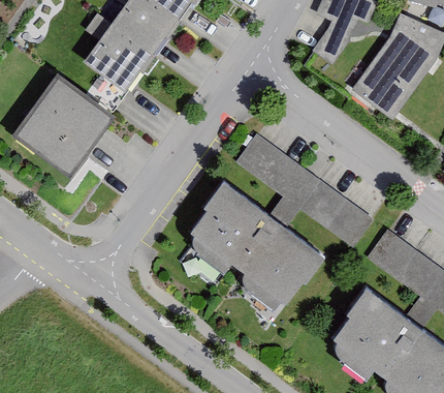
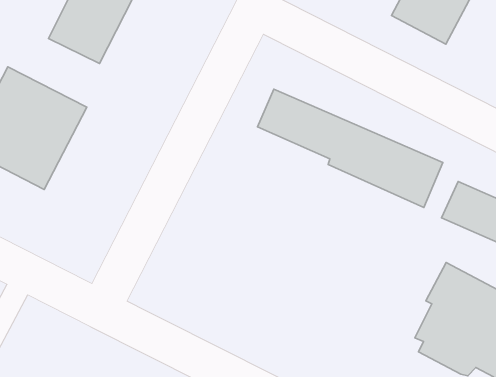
building: [188,181,323,308] -> none

